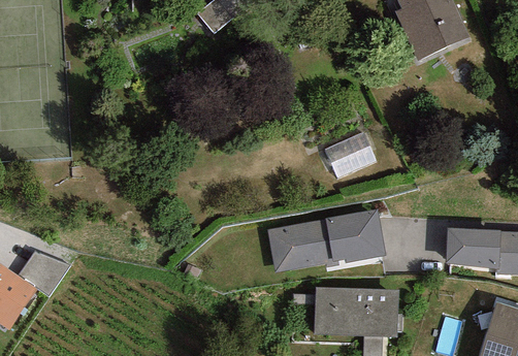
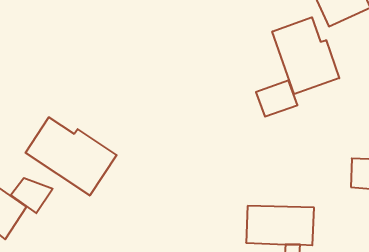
building: none -> [272,17,339,94]
building: none -> [26,117,117,196]
building: [267,208,386,272] -> none

